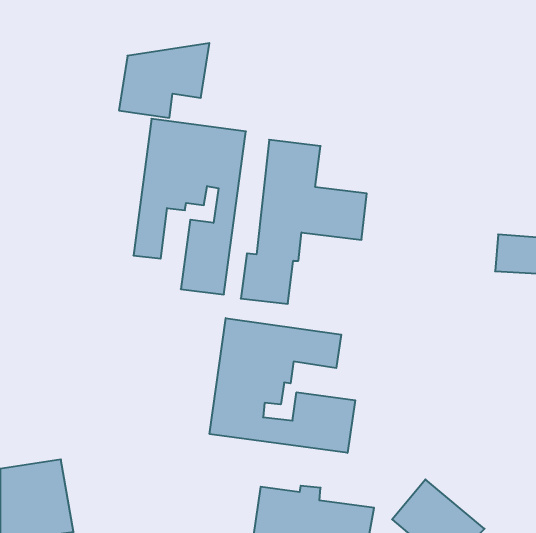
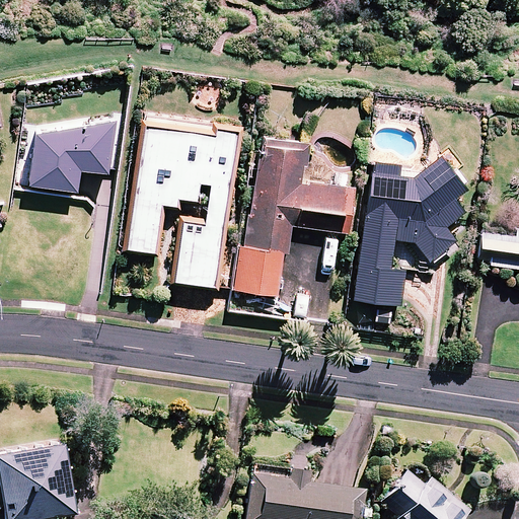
building: [119,43,209,118] -> [28,120,116,192]
building: none -> [354,157,467,306]
building: [210,318,355,453] -> none

